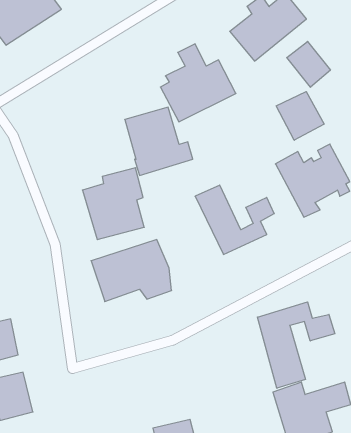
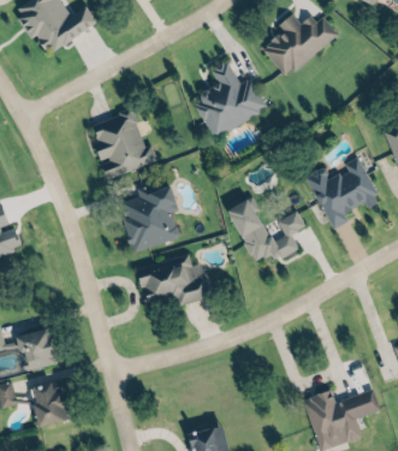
building: [287,41,330,87] -> none
building: [276,92,324,140] -> none
building: [125,107,193,175] -> [91,109,158,176]
building: [257,302,335,388] -> none

